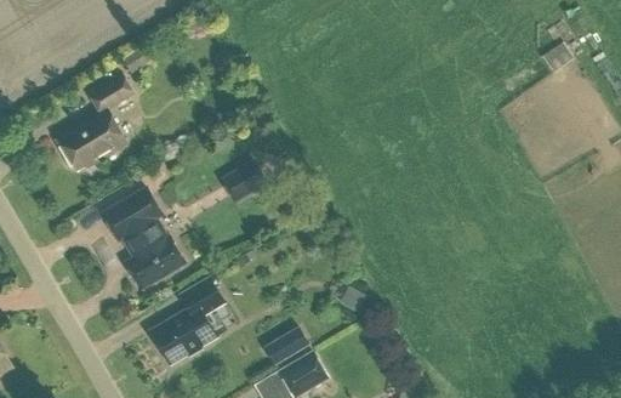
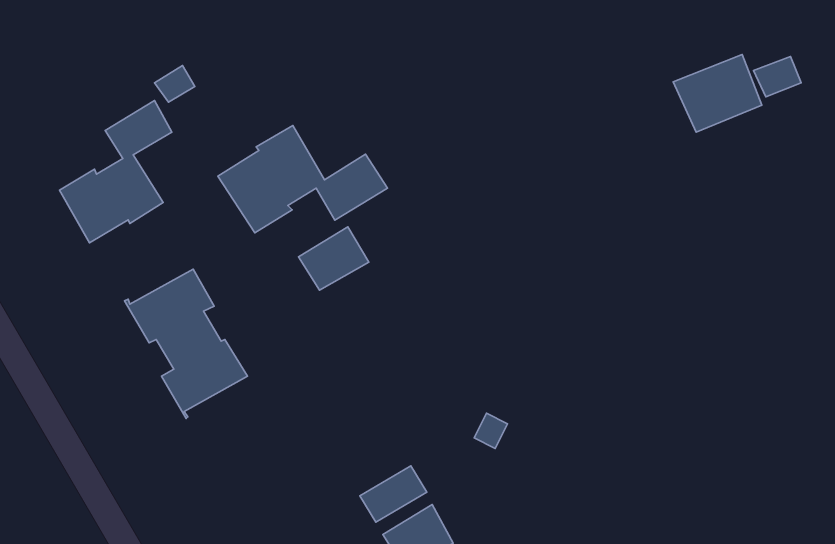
building: none -> [673,54,762,132]
building: none -> [218,126,388,233]
building: [150,278,224,365] -> none

